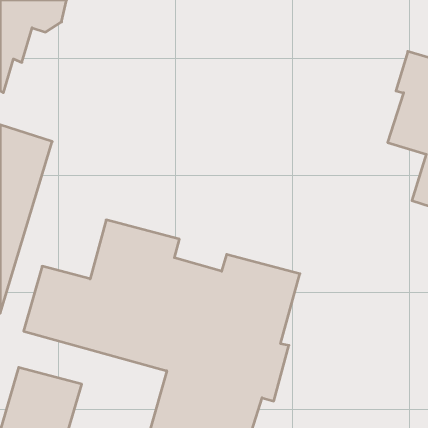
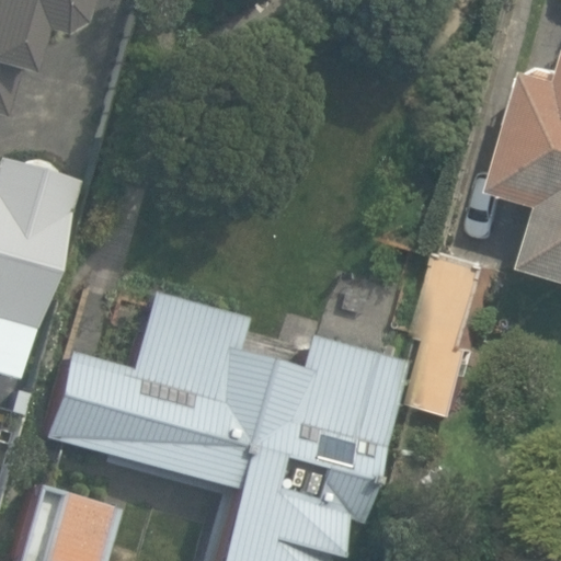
building: none -> [417,252,499,403]

